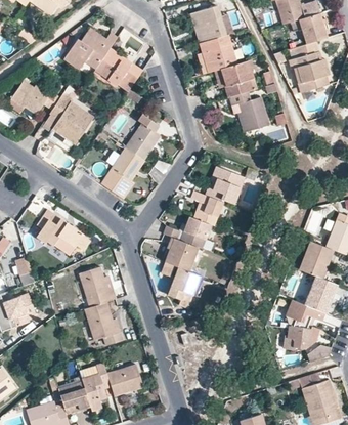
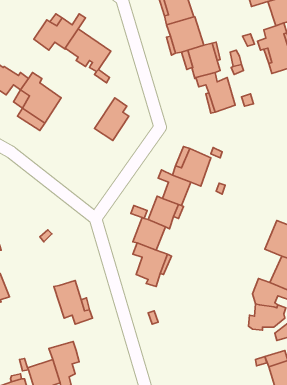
building: [101,147,144,198] -> none
building: [36,208,90,255] -> none
building: [79,265,117,306] -> none
building: [107,364,143,395] -> none

